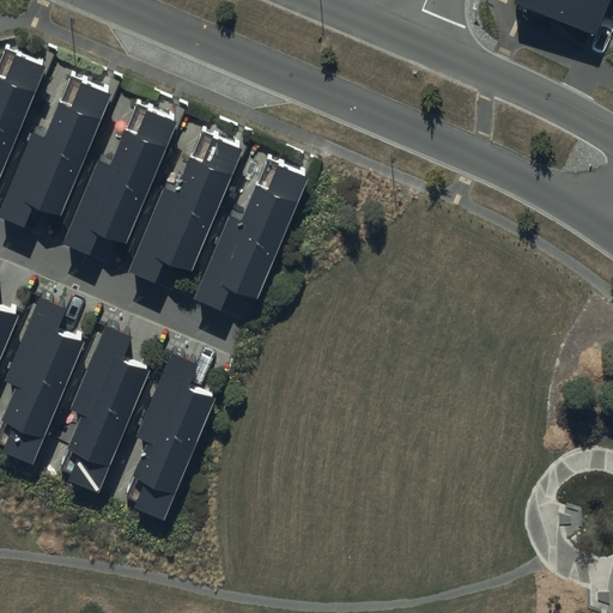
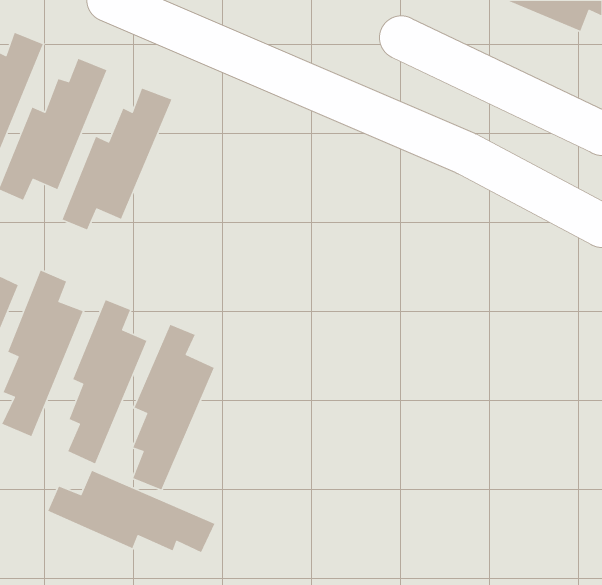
building: [131,134,243,279] -> none
building: [194,162,306,305] -> none
building: none -> [47,470,216,553]

